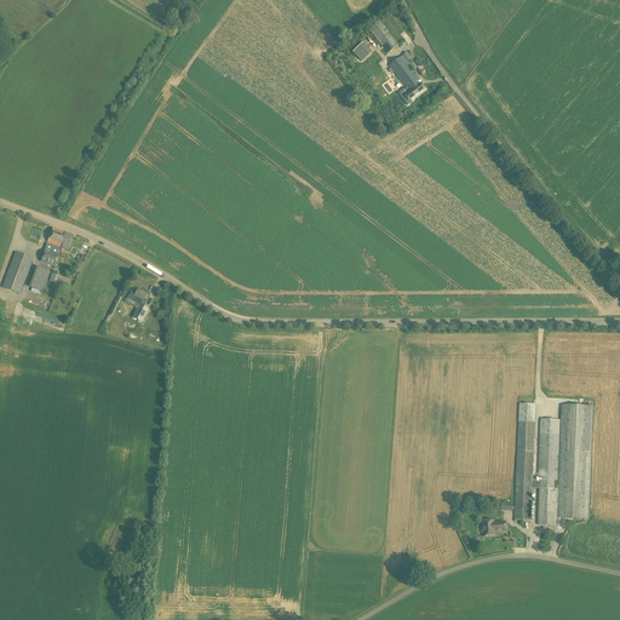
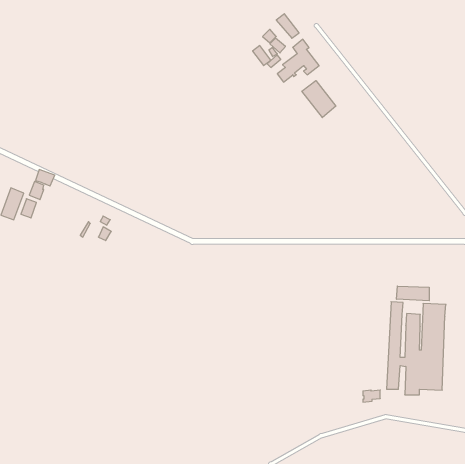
building: none -> [302,81,336,118]
building: none -> [397,286,429,301]

